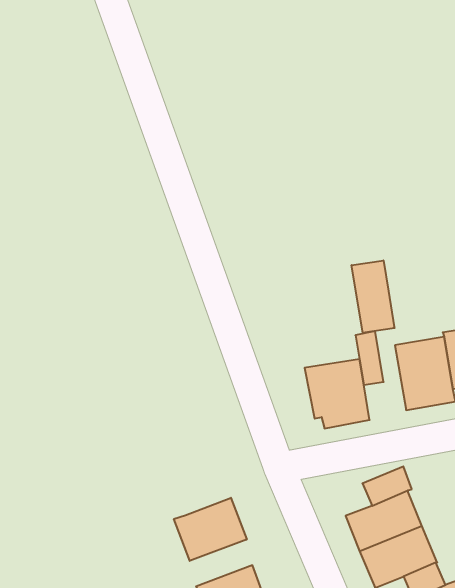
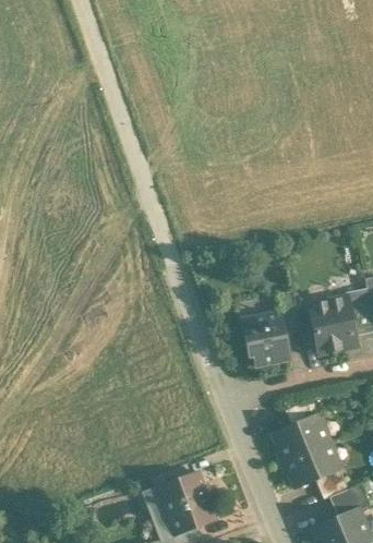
building: [352,260,395,333] -> none
building: [174,498,247,561] -> none

